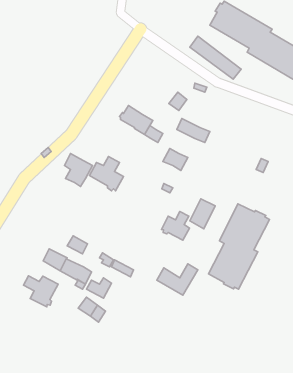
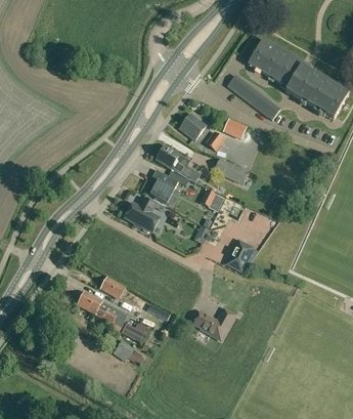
building: none -> [179,113,207,139]
building: [64,153,93,187] -> [149,168,178,202]
building: [209,204,269,289] -> none
building: [161,211,189,240] -> none
building: [23,276,58,307] -> none

